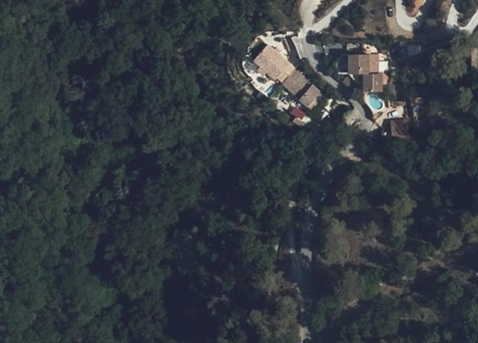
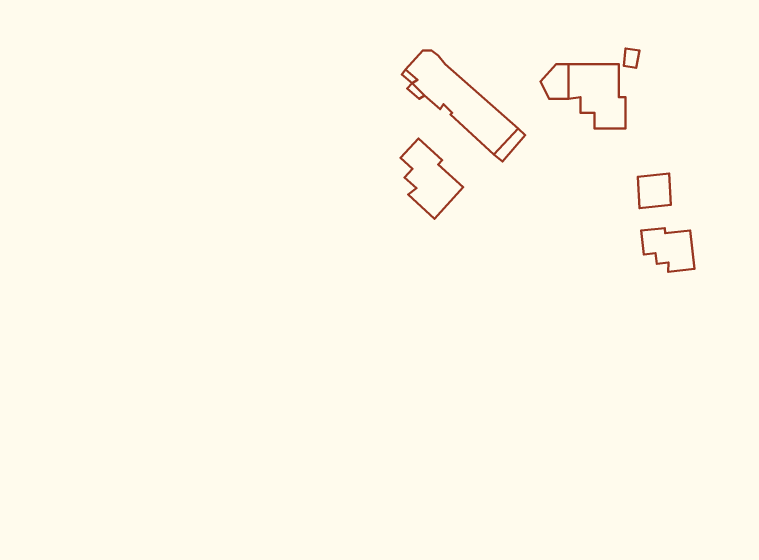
building: none -> [401,138,463,219]
building: none -> [641,228,694,272]

